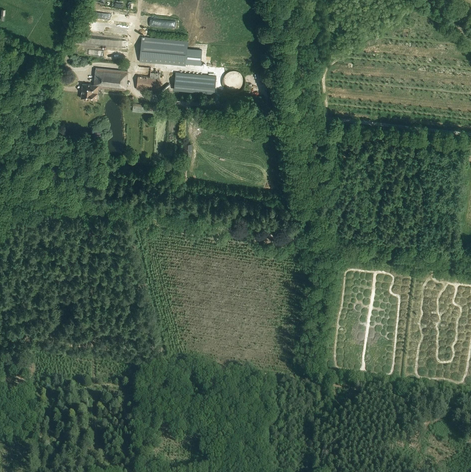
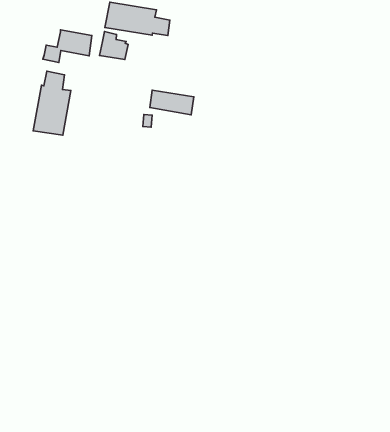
building: [174,73,216,94] -> [150,90,194,115]
building: none -> [33,71,71,135]

